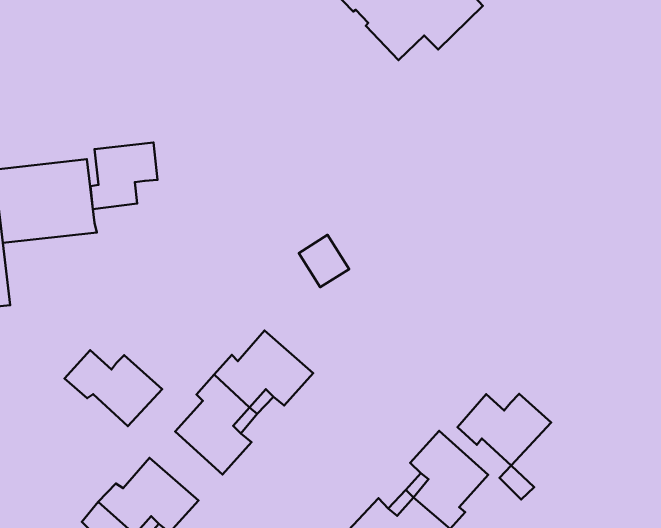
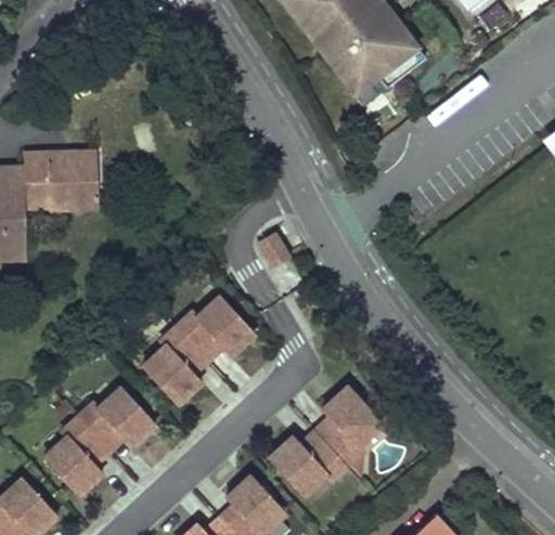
building: [90,143,158,209] -> none
building: [64,350,162,426] -> none
building: [458,394,551,466] -> none

